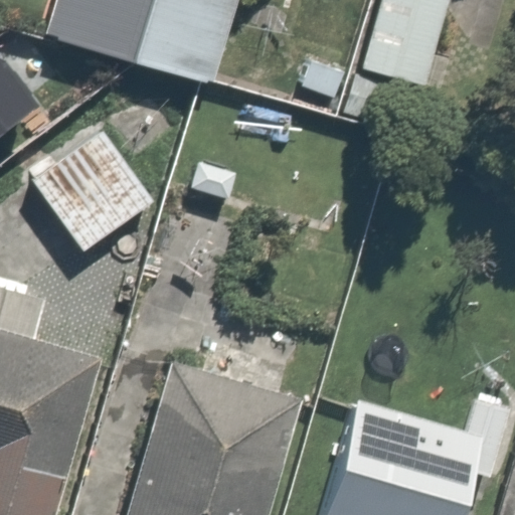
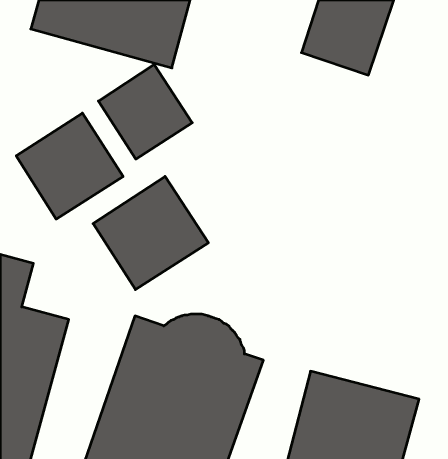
building: none -> [98,64,192,159]
building: none -> [93,176,208,290]

